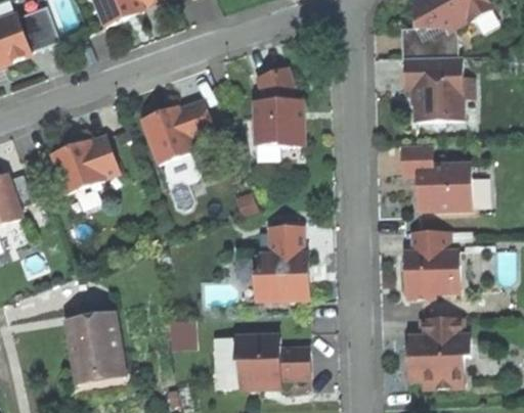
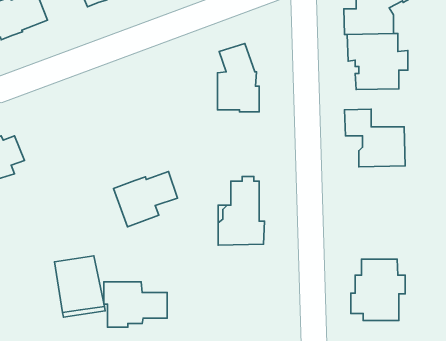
building: [140,100,214,164] -> [113,172,177,227]
building: [51,135,119,193] -> none
building: [405,230,458,297] -> none
building: [236,335,309,387] -> [104,282,167,327]

